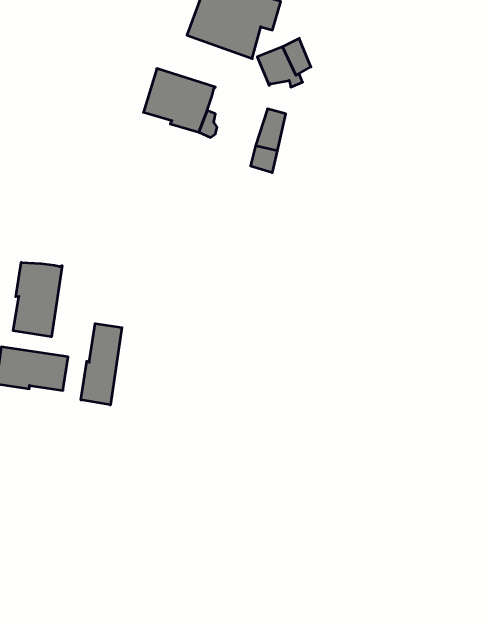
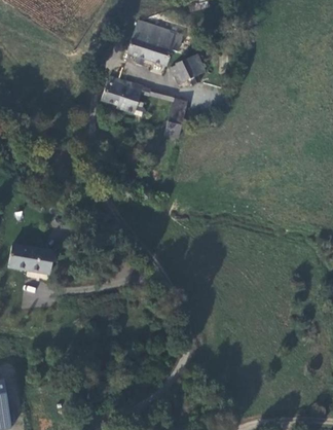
building: [13,262,62,337] -> none
building: [81,324,122,405] -> none

